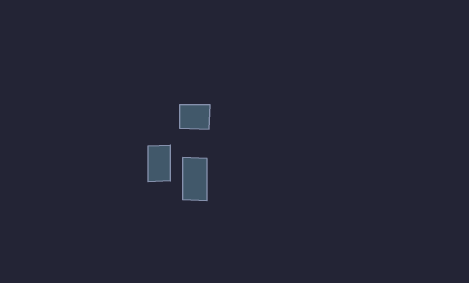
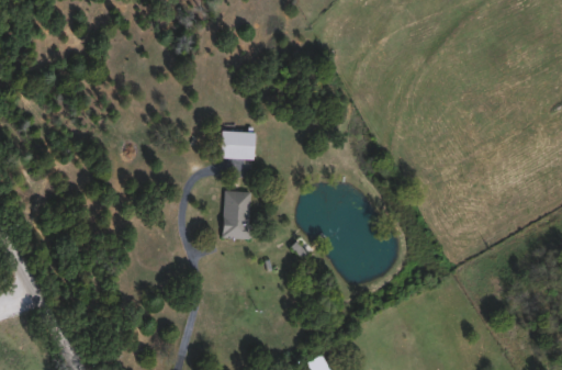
building: [148,145,170,182] -> none

